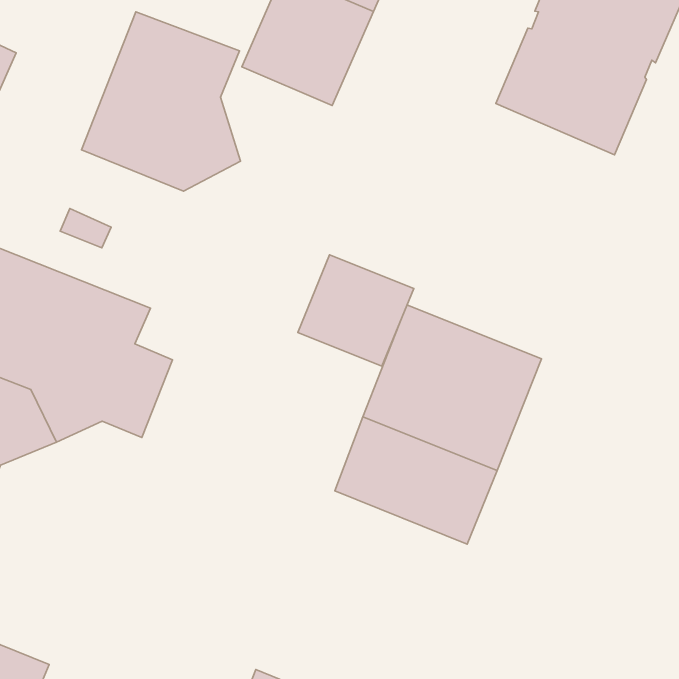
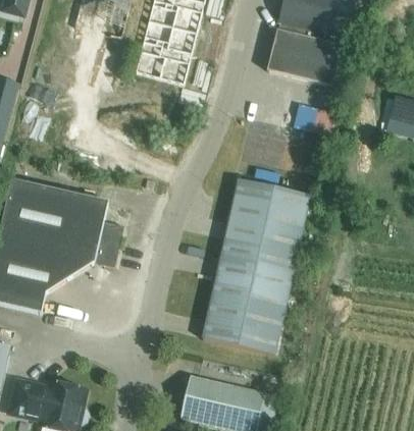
building: [81,12,241,191] -> none
building: [298,255,414,366] -> none
building: none -> [202,278,288,354]

